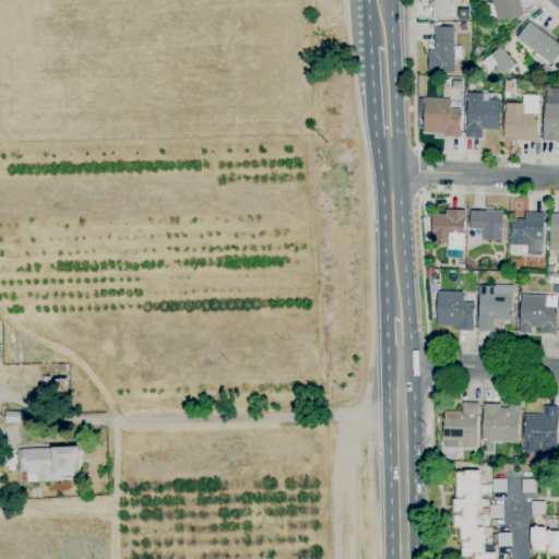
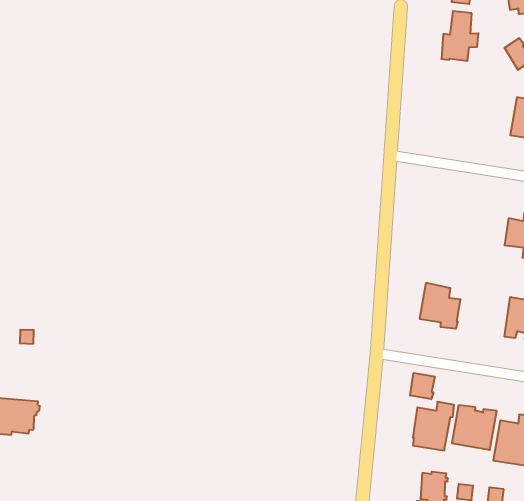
building: [467,92,501,138] -> none
building: [424,97,462,136] -> none
building: [431,209,465,257] -> none
building: [469,210,507,240] -> none
building: [479,285,513,331] -> none
building: none -> [410,373,435,399]

